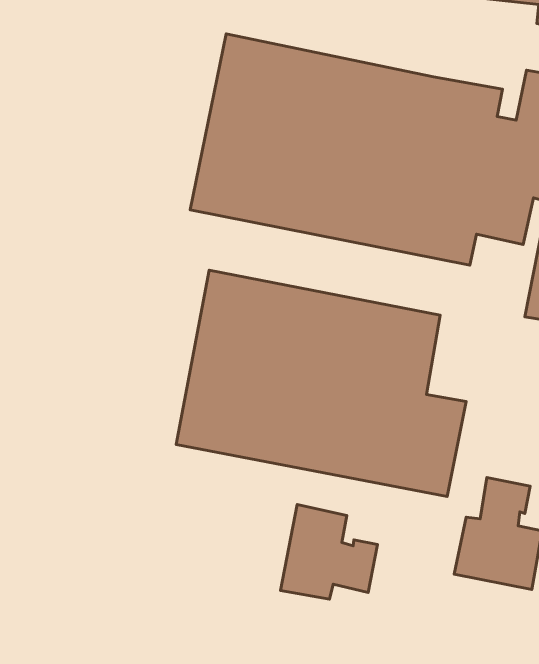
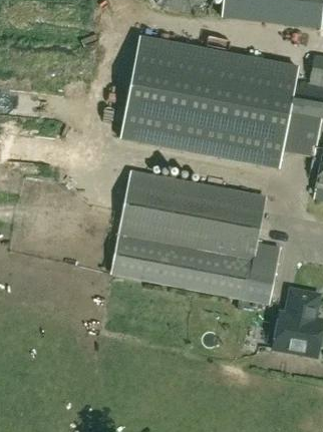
building: [281,504,377,599] -> none

